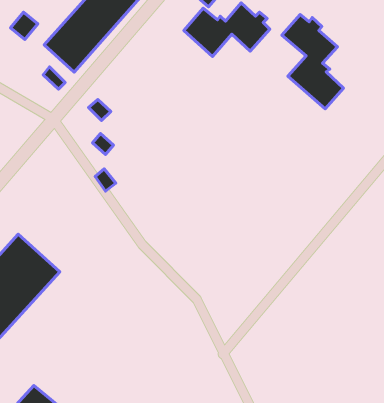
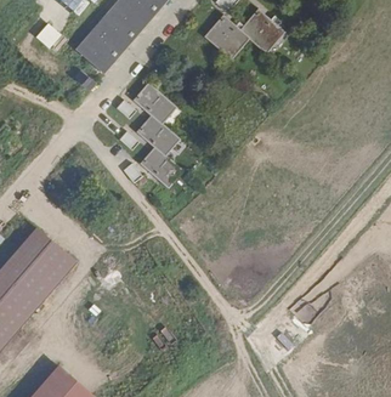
building: [282,14,343,109] -> none
building: none -> [130,83,180,189]

